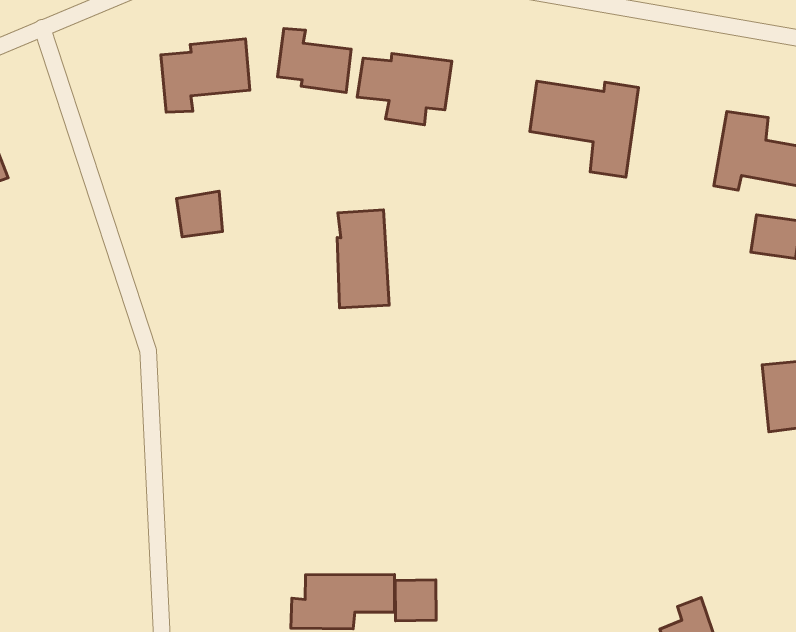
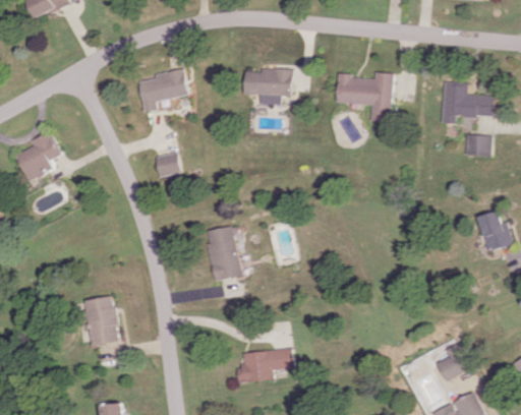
building: [277,29,351,93] -> none
building: [337,210,389,308] -> [207,226,239,281]
building: none -> [86,296,119,345]
building: [395,580,436,621] -> none

